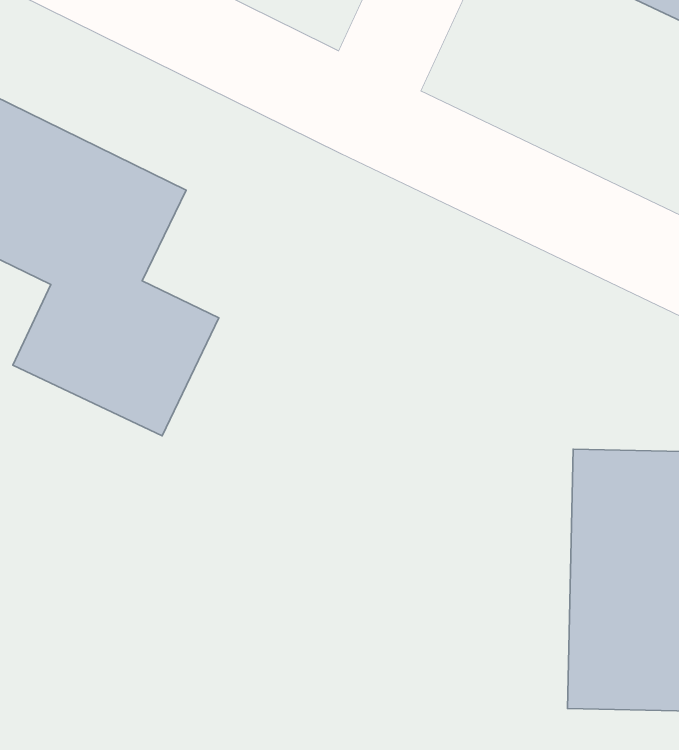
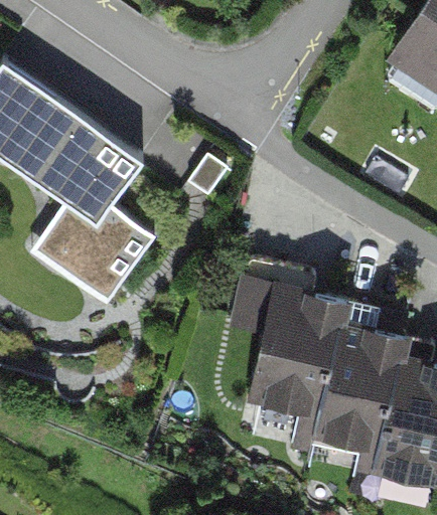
building: none -> [252,284,343,437]

